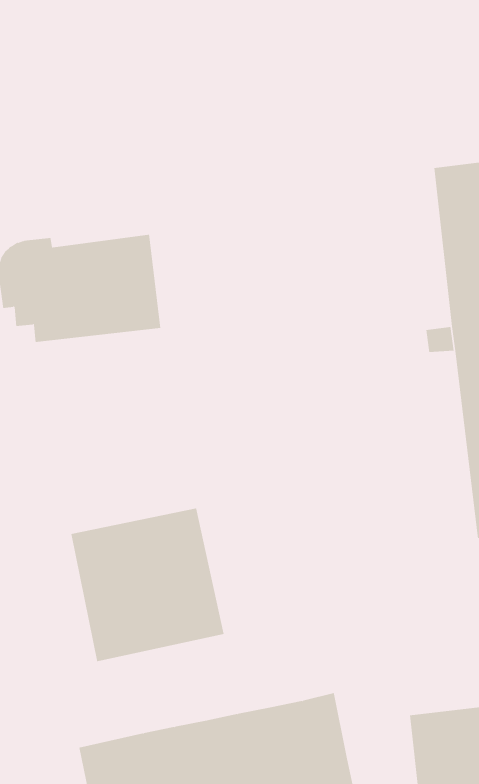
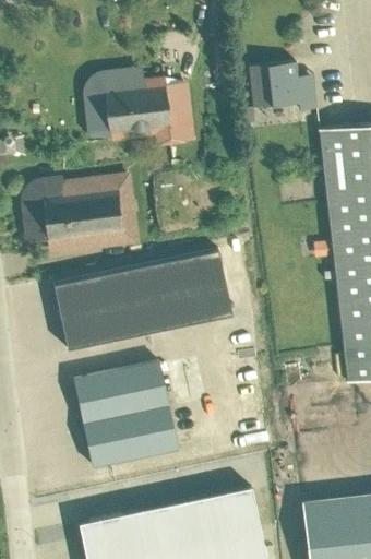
building: none -> [249,62,316,112]
building: none -> [88,72,190,142]
building: none -> [55,250,234,349]

